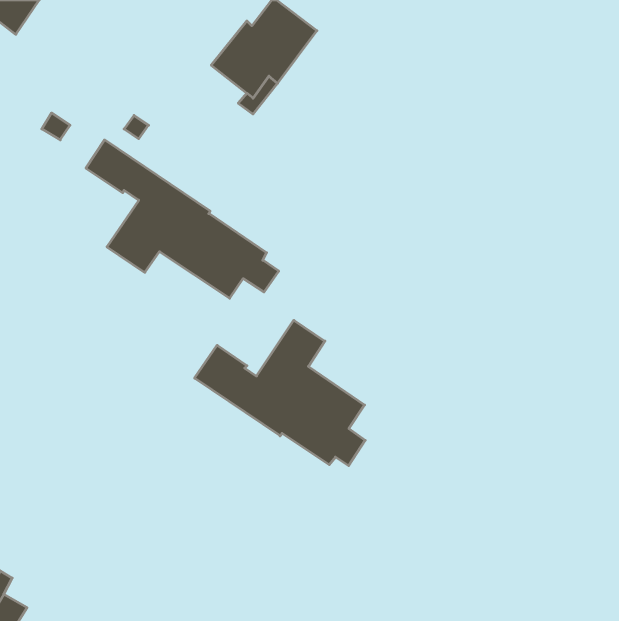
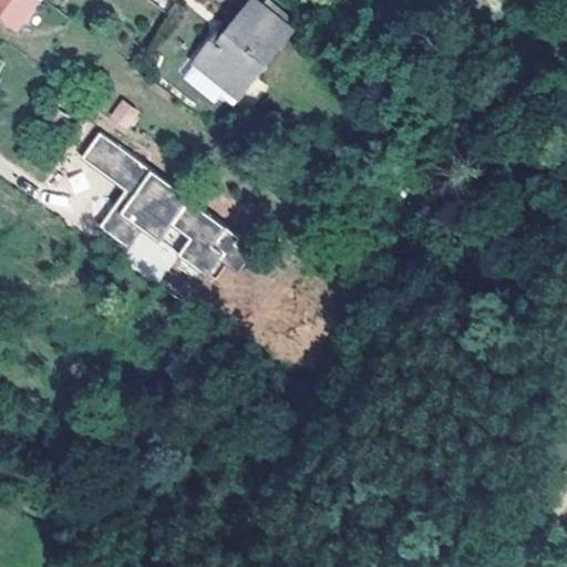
building: [195,320,365,466] -> none

